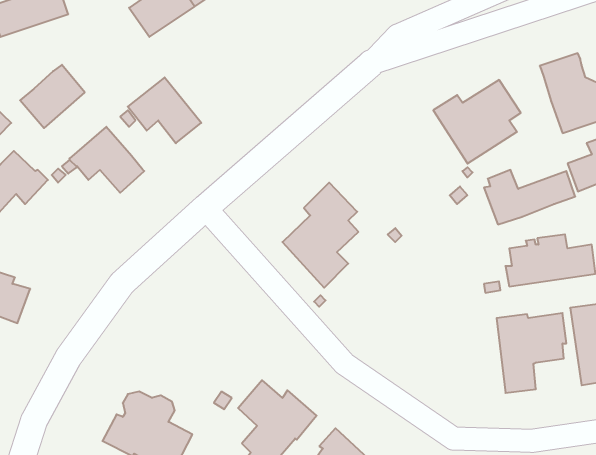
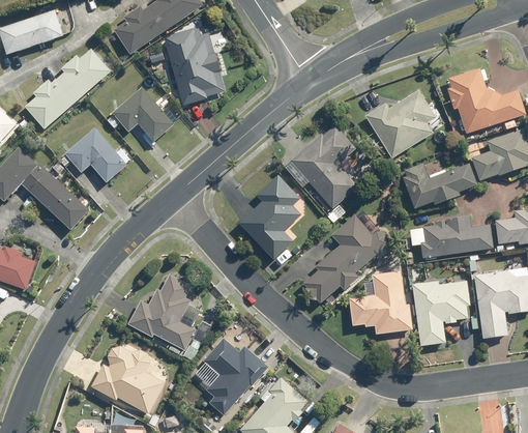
building: none -> [164,30,225,103]
building: none -> [58,50,110,100]
building: none -> [293,125,357,208]
building: none -> [28,172,89,231]
building: none -> [303,216,387,304]
building: none -> [127,271,200,348]
building: none -> [347,271,412,336]

